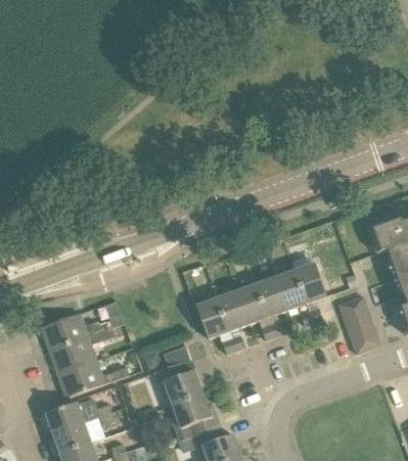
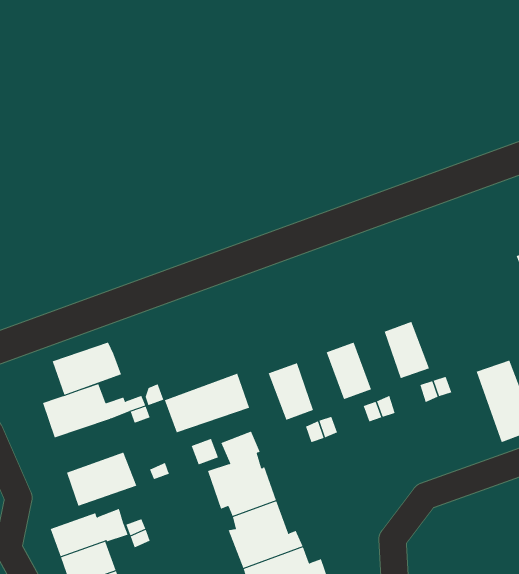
building: [294,262,326,302] -> none
building: [255,276,286,316] -> none
building: [216,290,247,330] -> none
building: none -> [164,373,250,433]
building: [48,336,96,373] -> [52,342,122,395]

